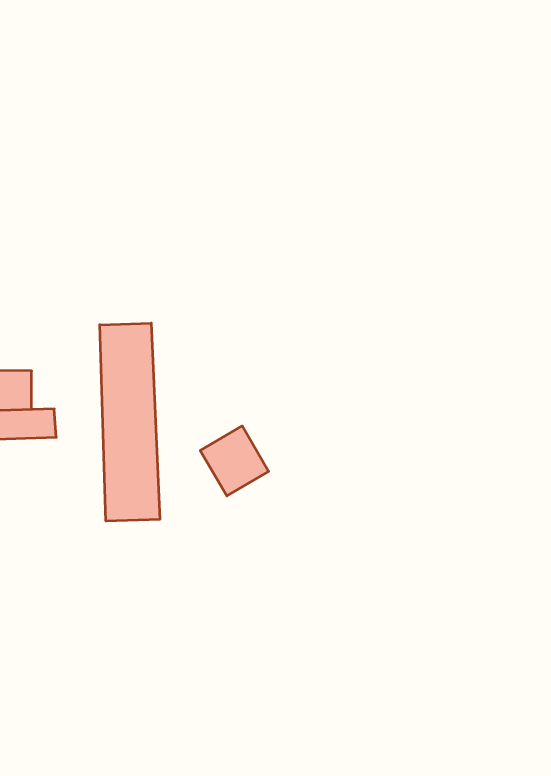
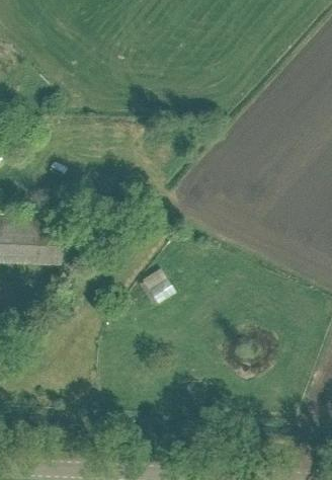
building: [100,323,160,521] -> none

